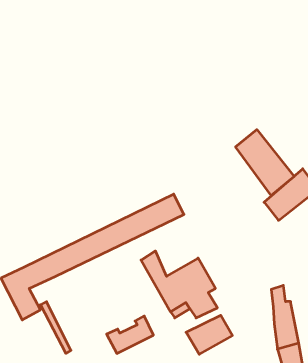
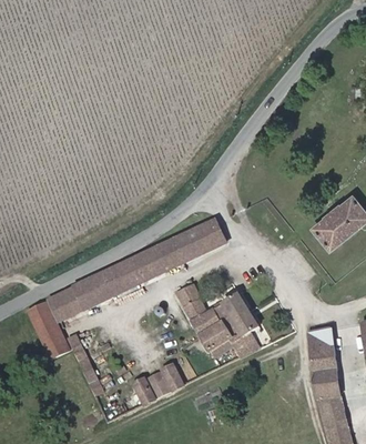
building: [236,130,294,196] -> none
building: [186,315,232,354] -> none

